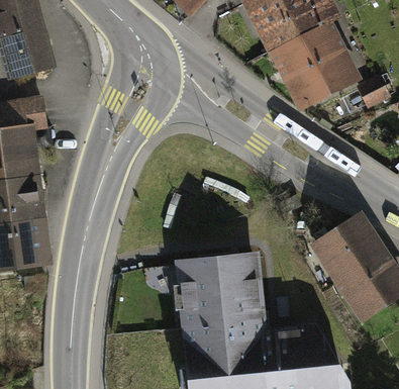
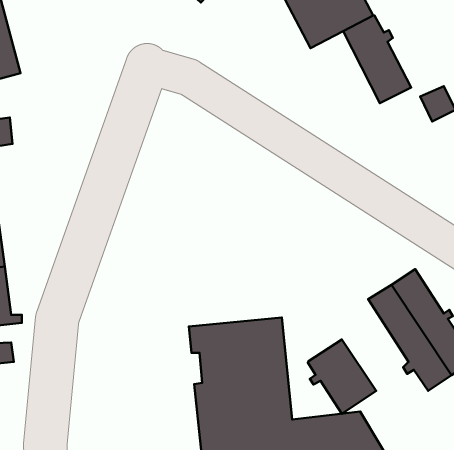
building: [276,35,329,104] -> none
building: none -> [308,339,376,414]

